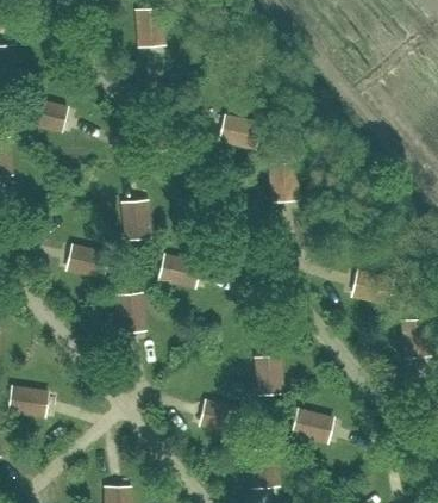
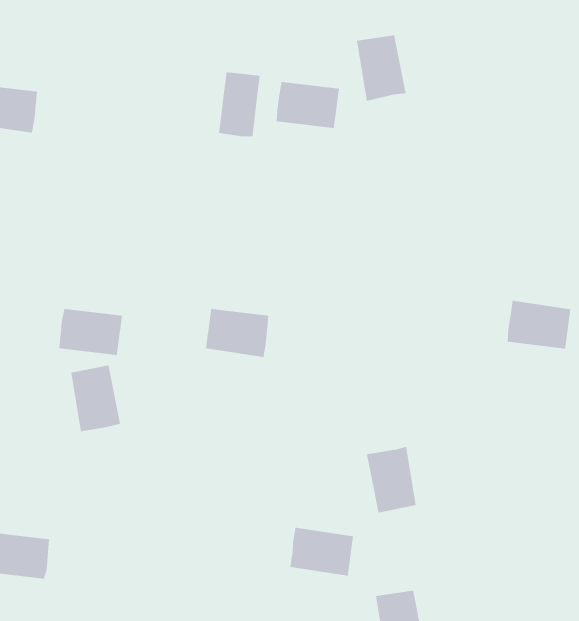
building: none -> [219,71,260,137]
building: [269,163,298,204] -> [356,35,407,102]
building: [121,201,150,241] -> none
building: [117,292,145,333] -> [70,365,121,432]
building: [292,409,334,443] -> none

